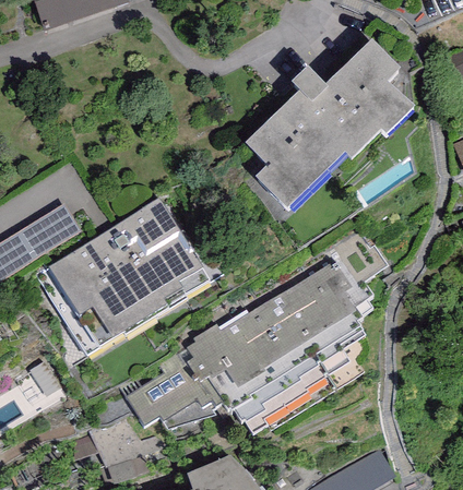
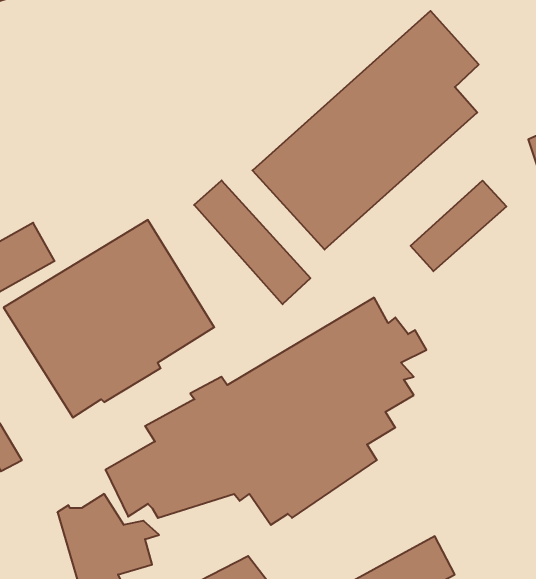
building: none -> [194,180,310,304]
building: none -> [411,181,506,271]

